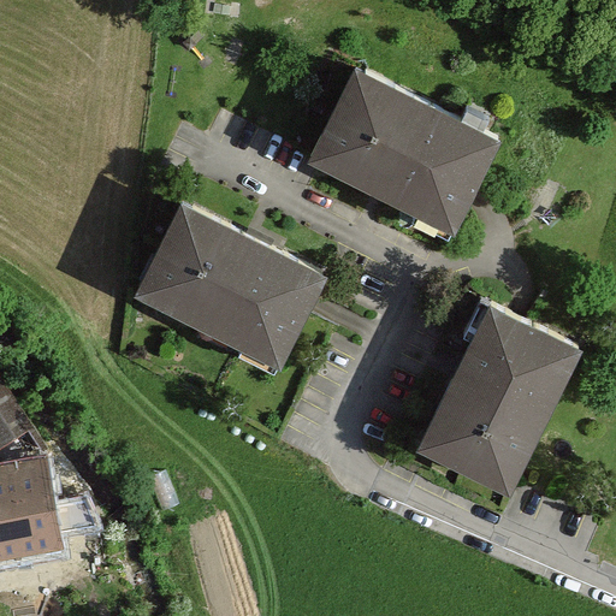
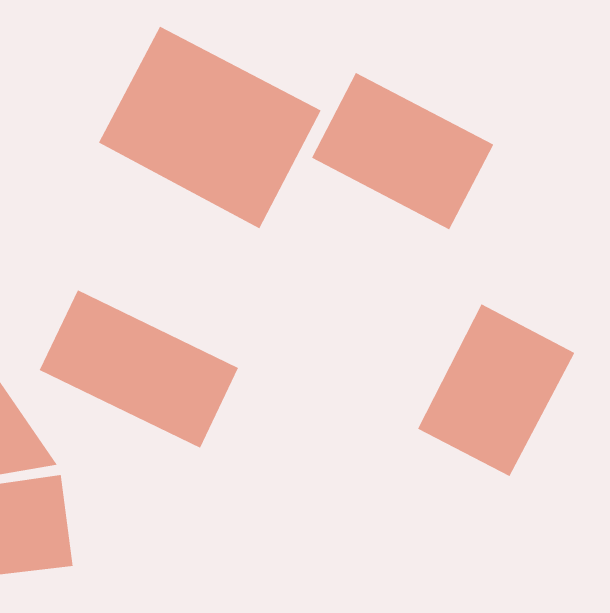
building: none -> [98,26,322,229]
building: [140,213,339,372] -> [39,289,239,448]

